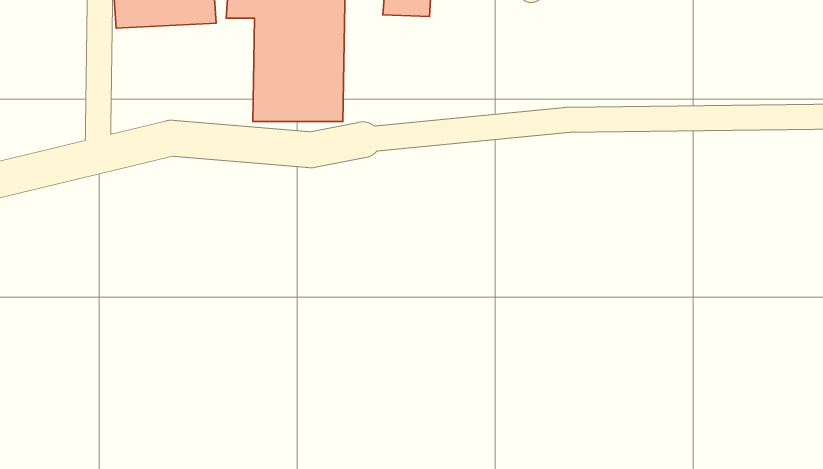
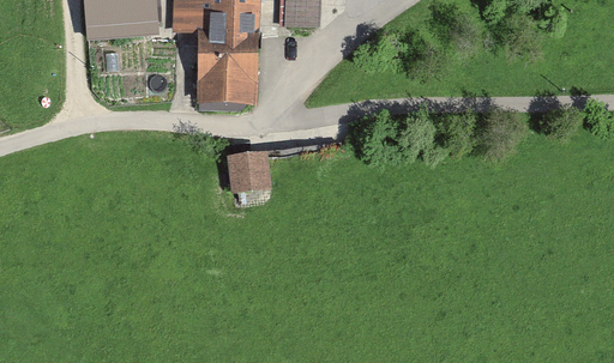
building: none -> [229,157,267,193]

